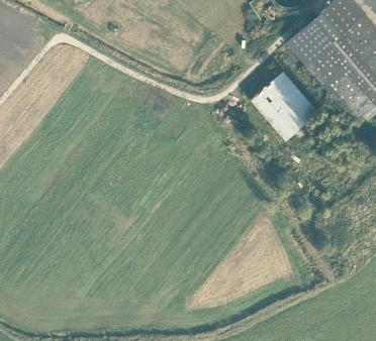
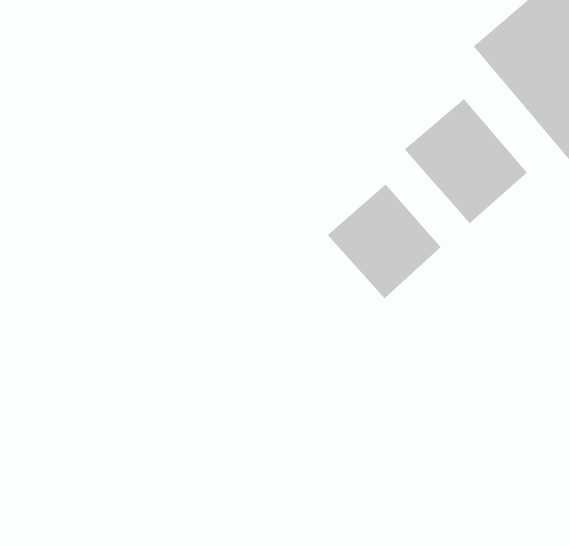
building: none -> [327,184,441,299]

